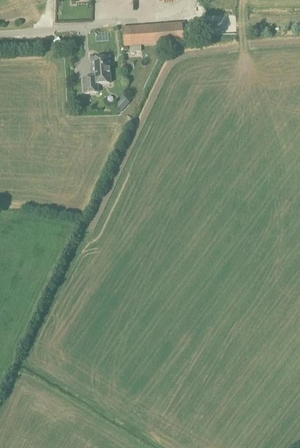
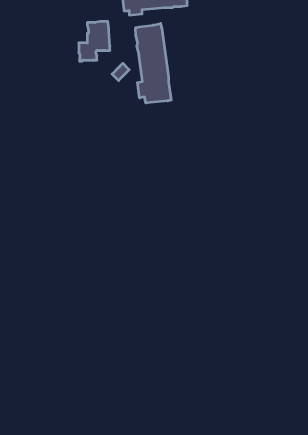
building: none -> [136,23,171,103]

